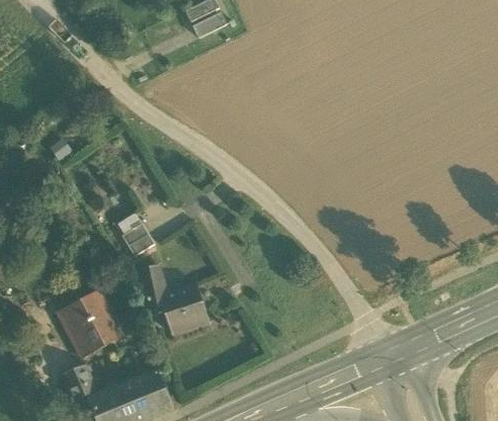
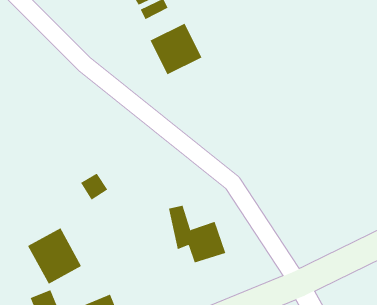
building: none -> [150,23,202,75]
building: [138,263,208,333] -> [168,205,226,263]

